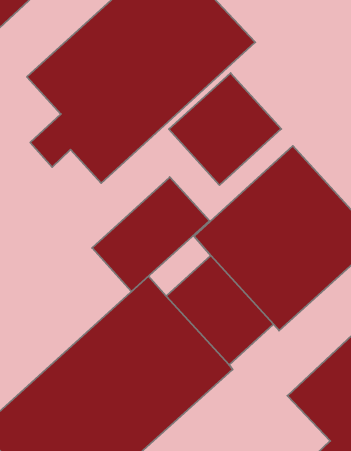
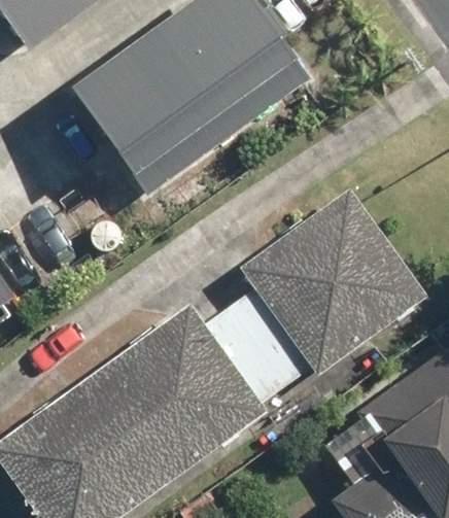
building: [169,73,281,185] -> none
building: [92,177,209,292] -> none

